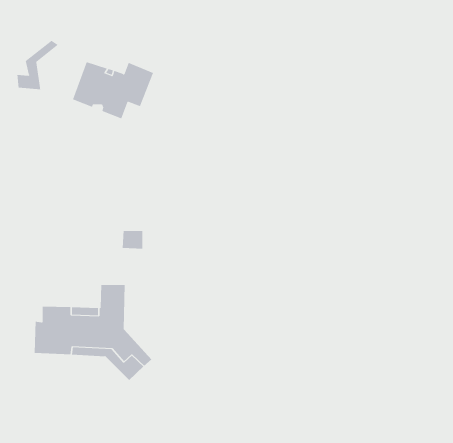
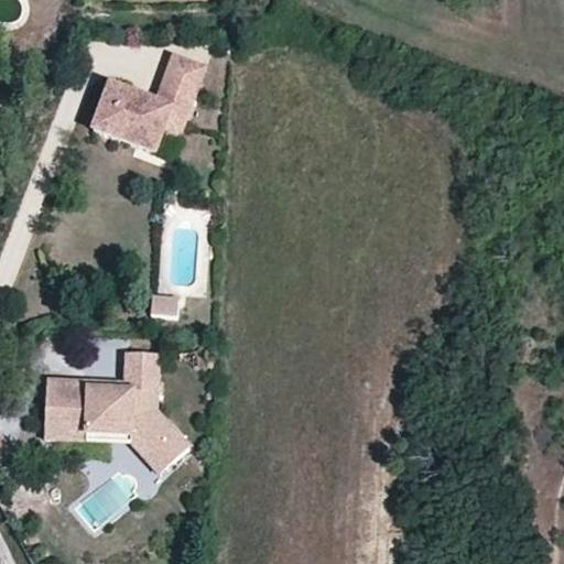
building: none -> [161,46,204,90]
building: [17,40,59,90] -> none

